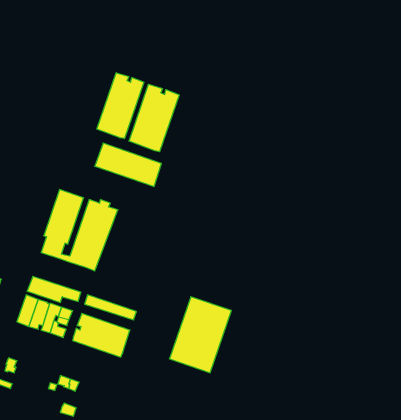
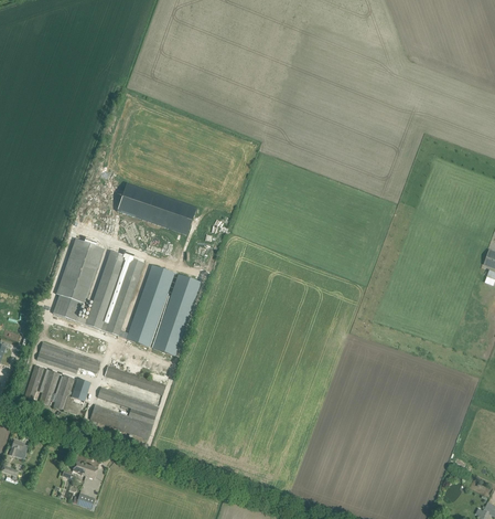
building: [97,73,144,139] -> none
building: [129,84,179,152] -> none
building: [169,297,231,373] -> [127,265,201,356]

